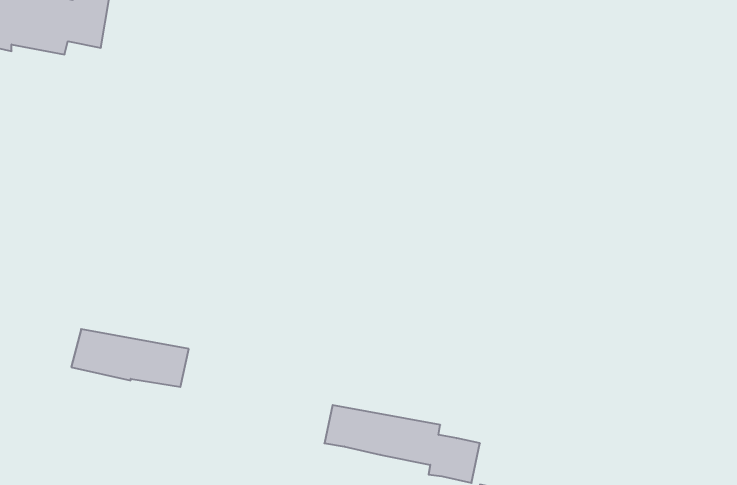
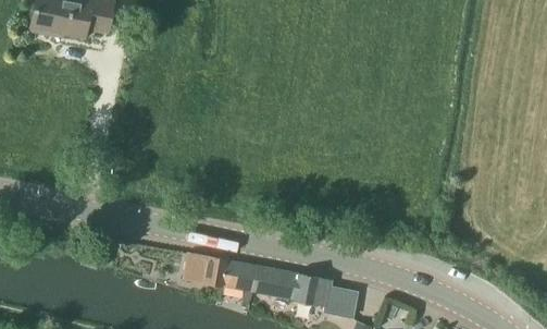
building: [71,329,189,387] -> [184,255,261,293]

